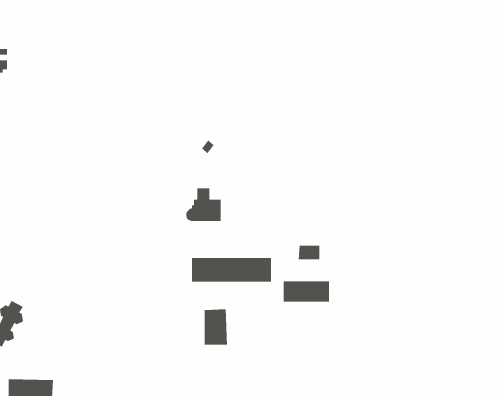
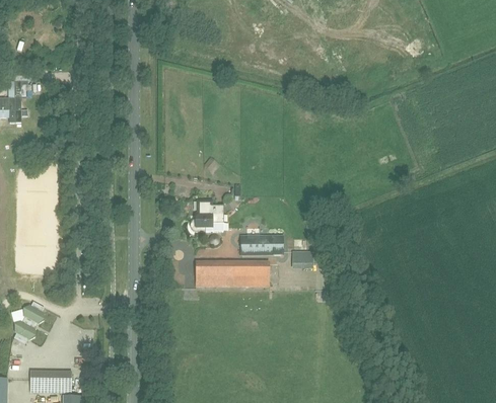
building: [283,281,330,302] -> [240,234,283,253]
building: [204,309,227,345] -> none

